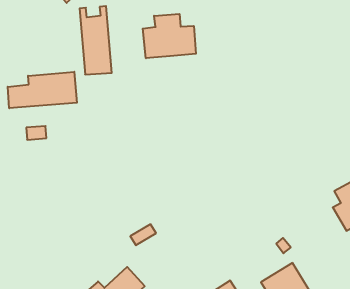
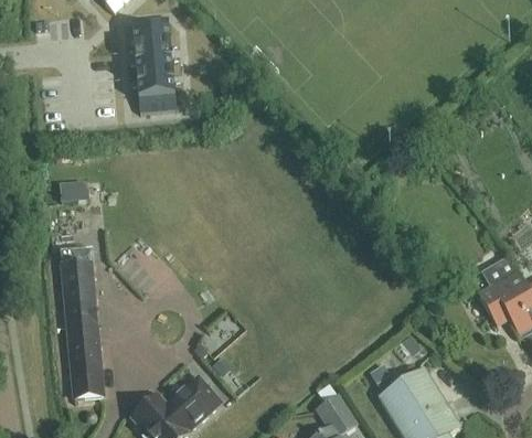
building: [143,14,196,58] -> none
building: [8,72,77,108] -> none
building: none -> [61,259,102,396]

